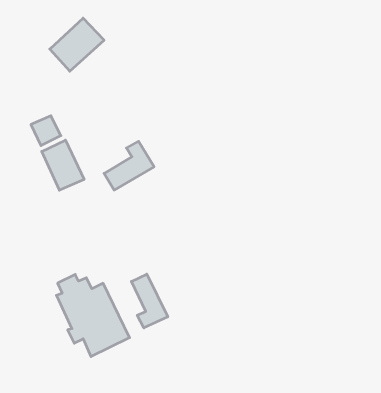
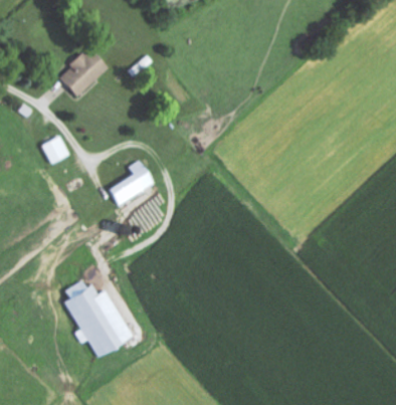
building: [42,140,84,190] -> none
building: [131,274,168,328] -> none

